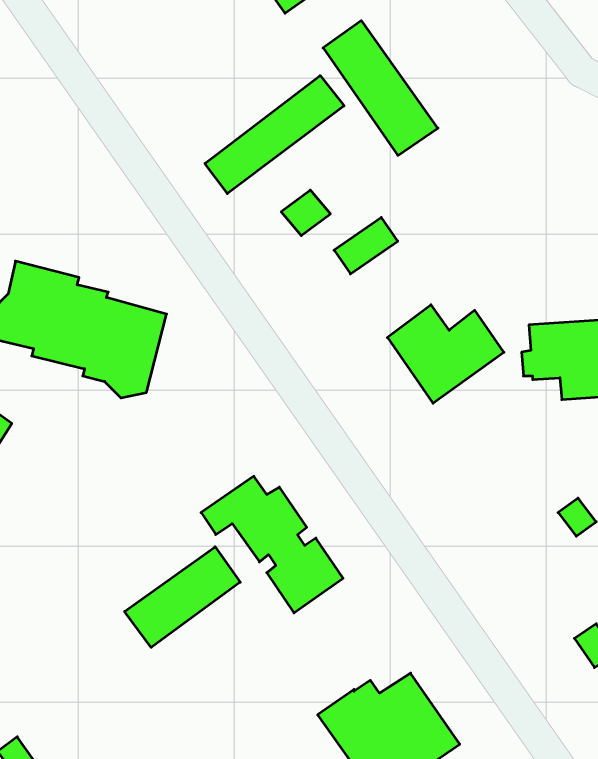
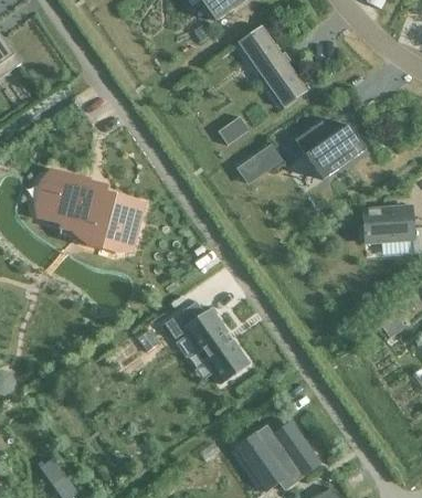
building: [205,76,344,194] -> none
building: [387,305,504,403] -> [295,119,366,179]
building: [125,547,240,647] -> none

